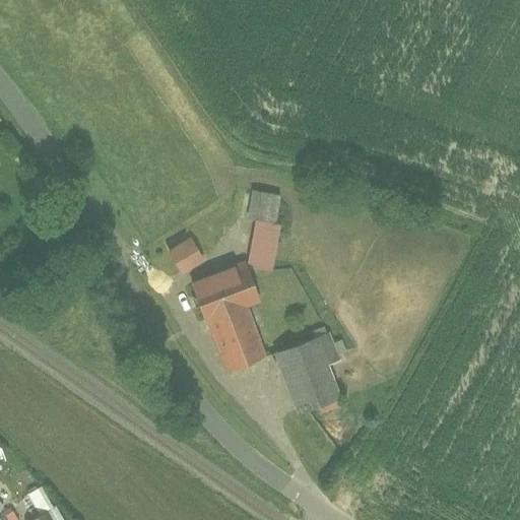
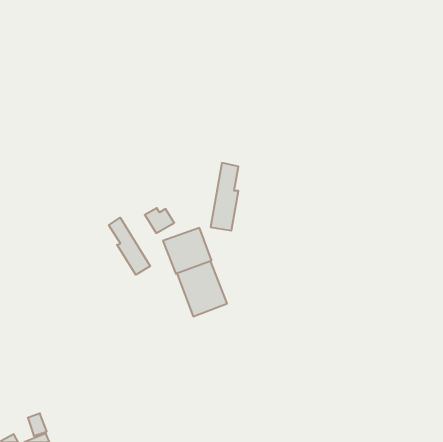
building: none -> [109,218,150,275]
building: [277,338,338,412] -> none

